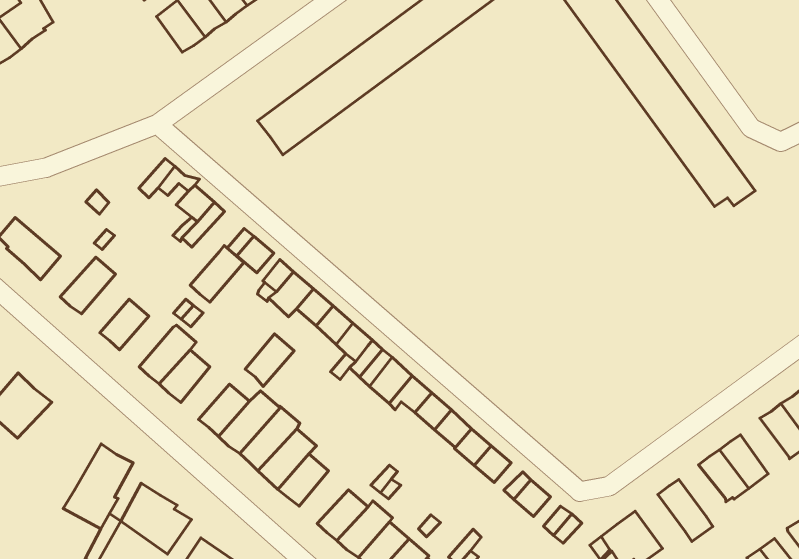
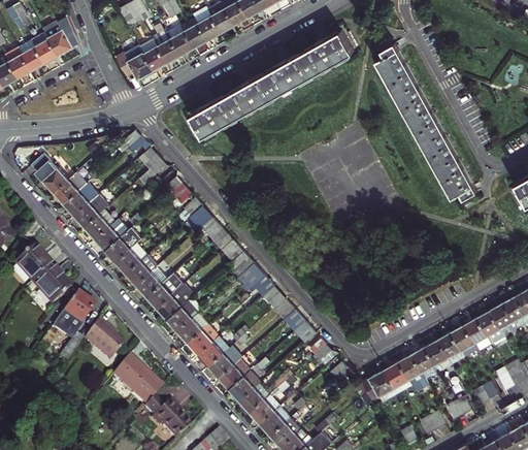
building: none -> [114,45,152,79]
building: none -> [53,172,87,204]
building: [190,246,244,302] -> [94,219,127,251]
building: none -> [74,195,108,228]
building: [245,334,294,386] -> [126,256,156,286]
building: none -> [28,265,70,307]
building: none -> [451,325,477,358]
building: none -> [411,348,437,379]
building: none -> [188,325,218,355]
building: none -> [384,362,411,394]

